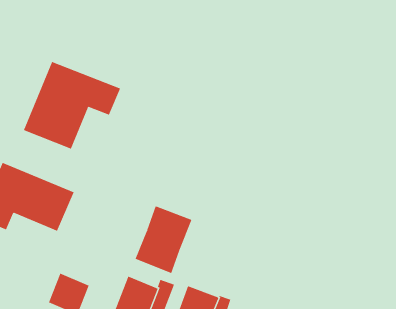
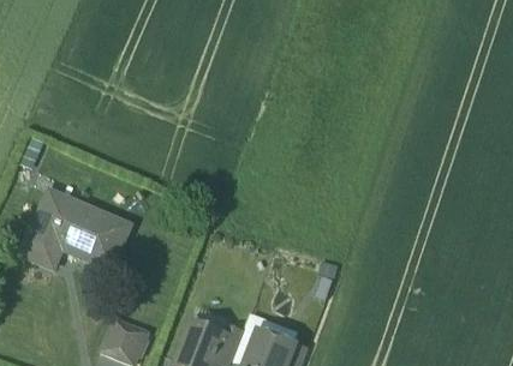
building: [23,61,121,149] -> none
building: [135,205,192,274] -> none

